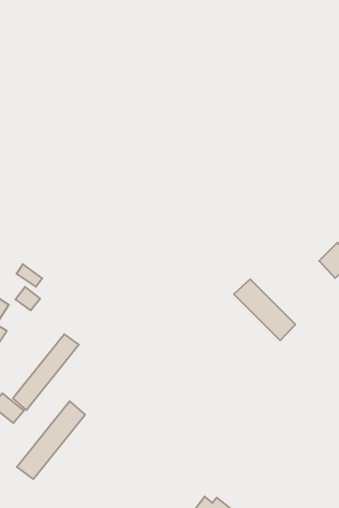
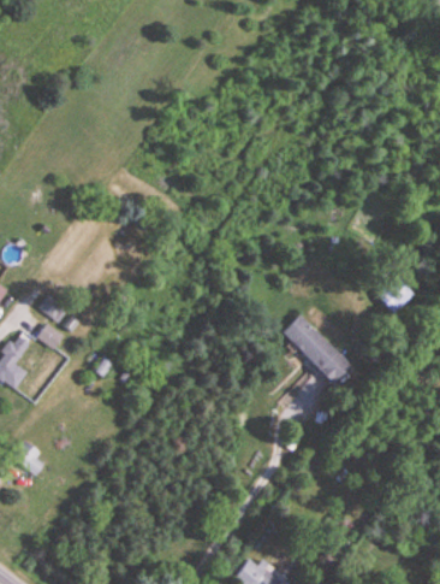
building: [13,334,79,410] -> none
building: [17,401,85,479] -> none

